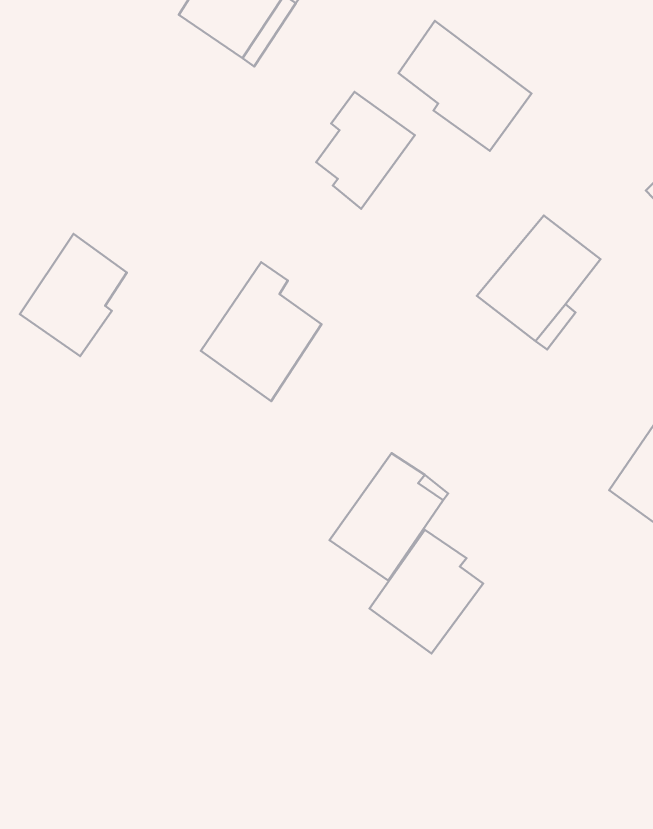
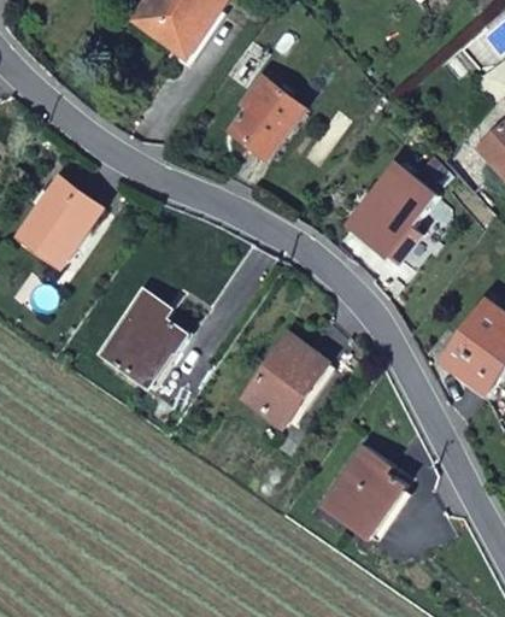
building: [398,21,532,151] -> none
building: [201,262,321,401] -> [100,288,187,388]
building: [369,530,483,654] -> [322,447,404,536]

